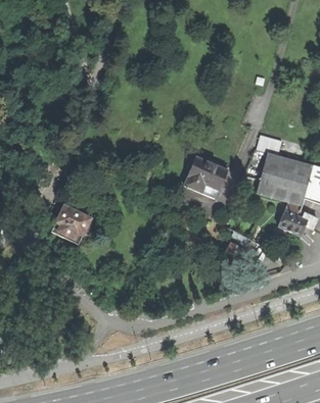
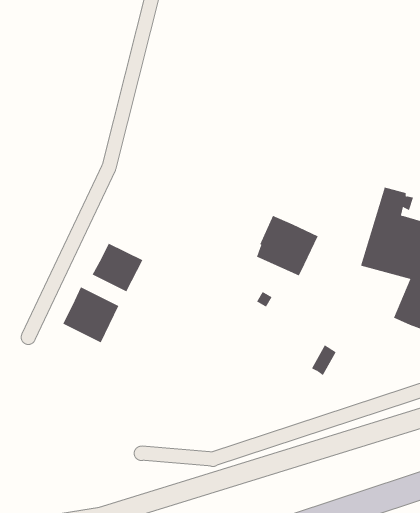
building: none -> [92,243,143,292]

